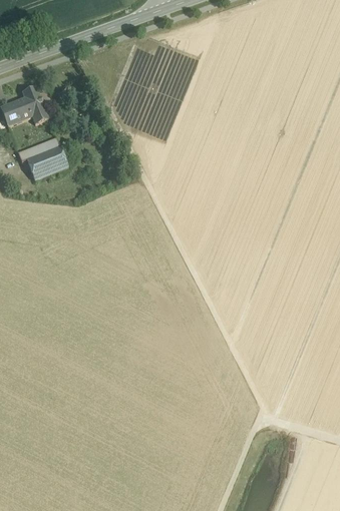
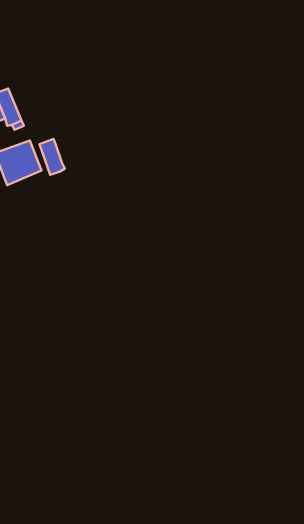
building: none -> [40,139,65,175]

